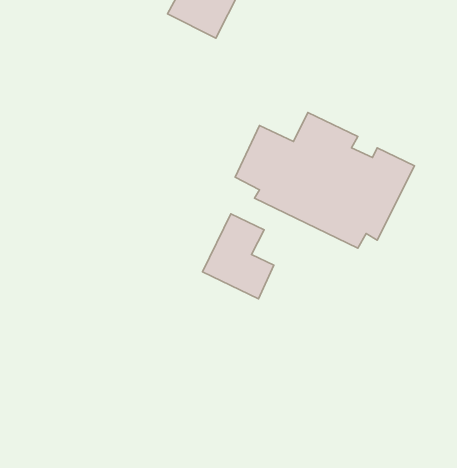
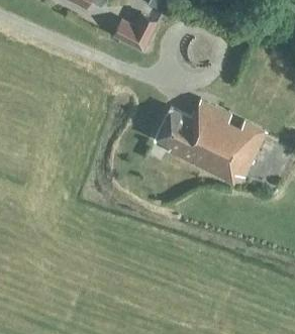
building: [203,214,274,299] -> none

